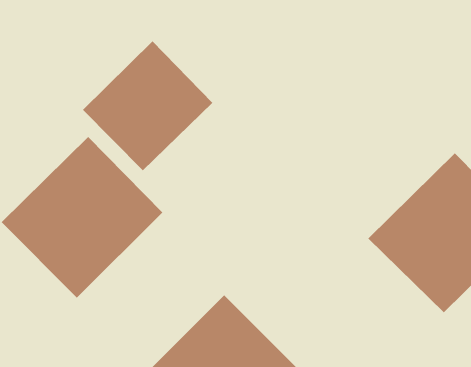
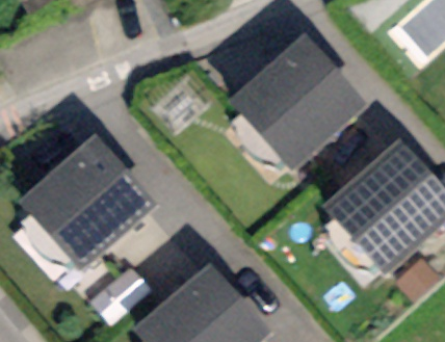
building: none -> [232,35,367,170]
building: [82,41,213,171] -> none

